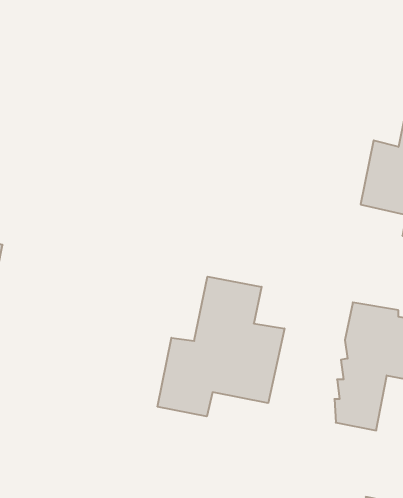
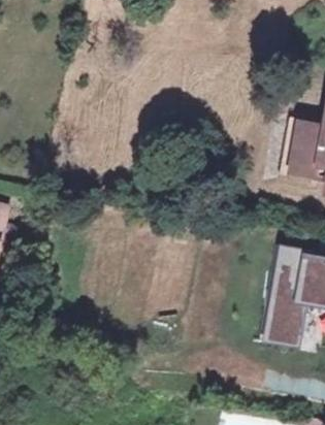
building: [158,277,284,416] -> none

